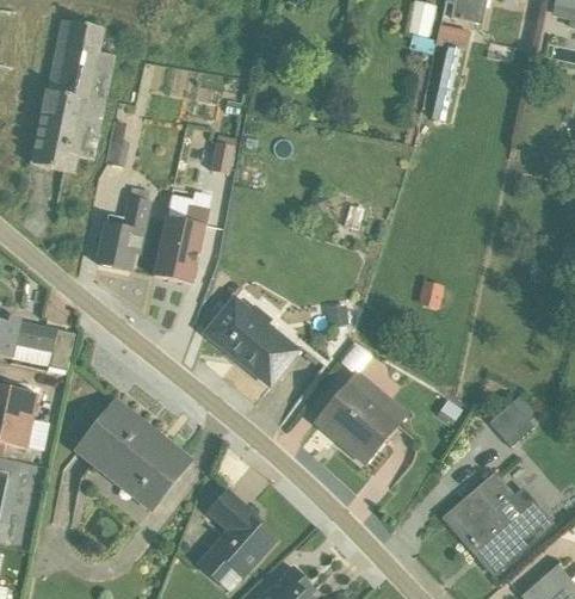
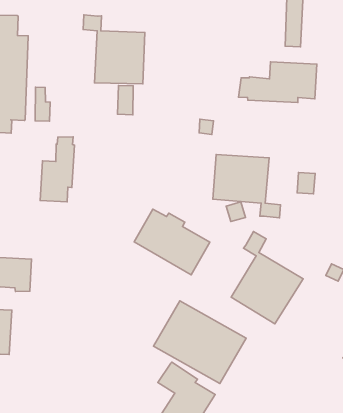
building: none -> [83,15,145,84]
building: none -> [238,62,317,103]
building: [154,192,210,283] -> none
building: none -> [213,154,280,218]
building: [74,400,191,511] -> [153,301,246,383]

